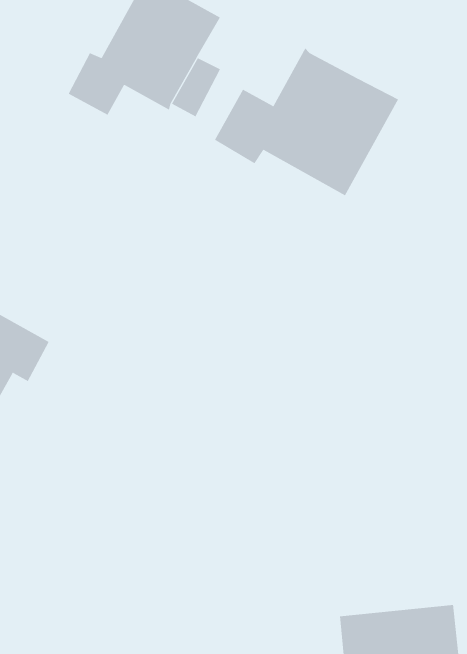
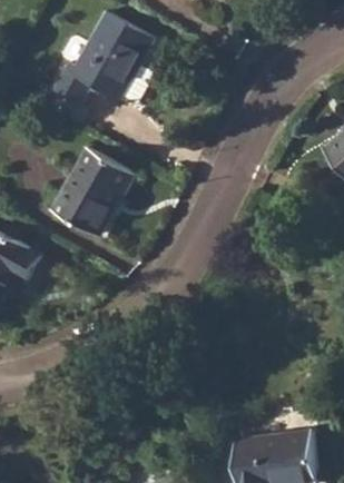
building: [214,47,399,196] -> none
building: none -> [51,147,135,234]

